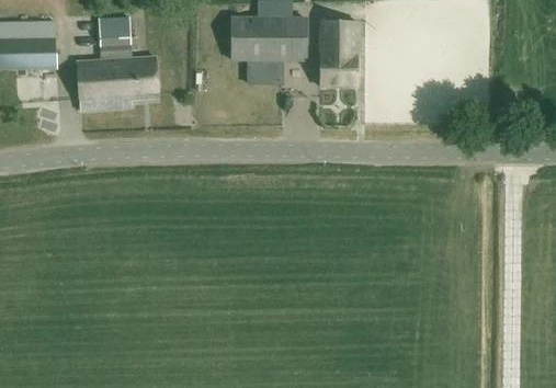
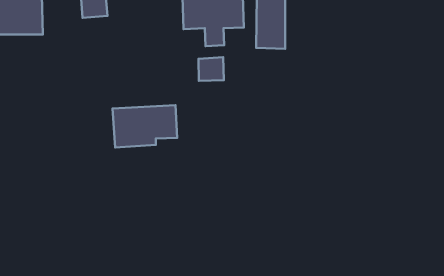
building: [76,57,156,110] -> [113,105,177,148]
building: none -> [198,57,224,81]

